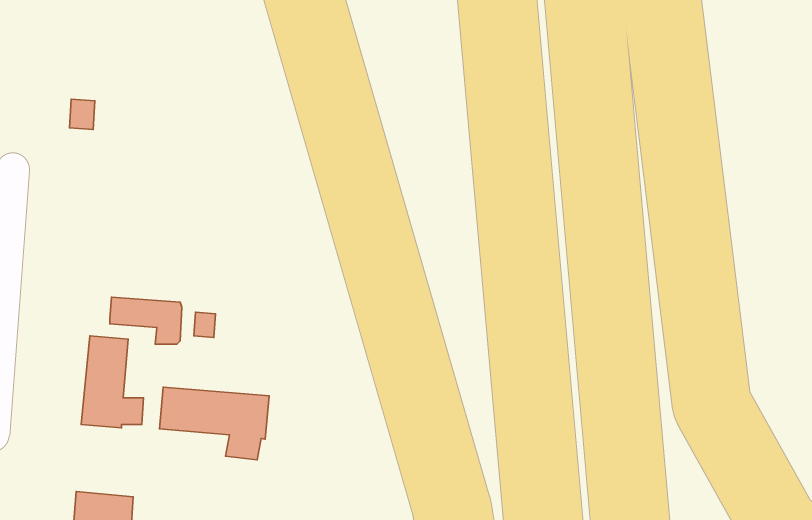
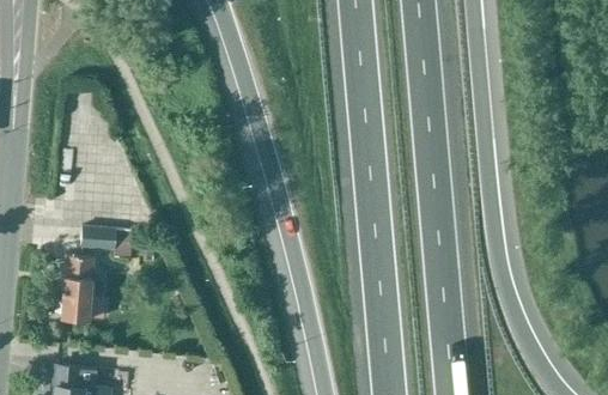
building: [160,387,269,460] -> none

